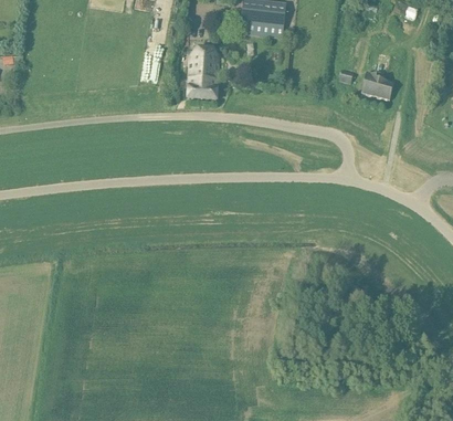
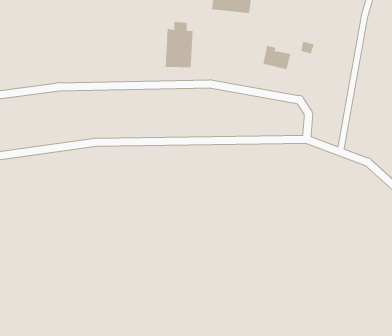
building: [362,71,394,98] -> [262,45,291,70]

